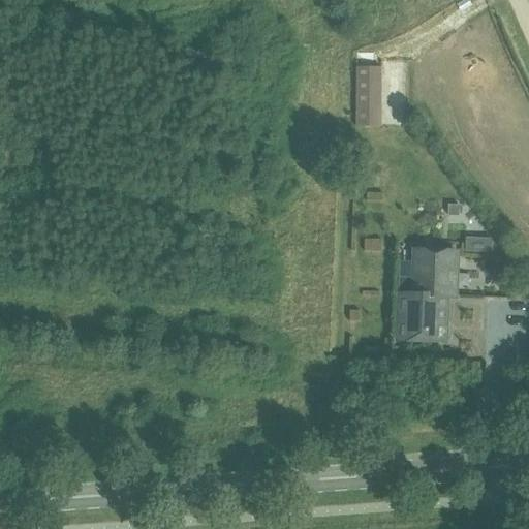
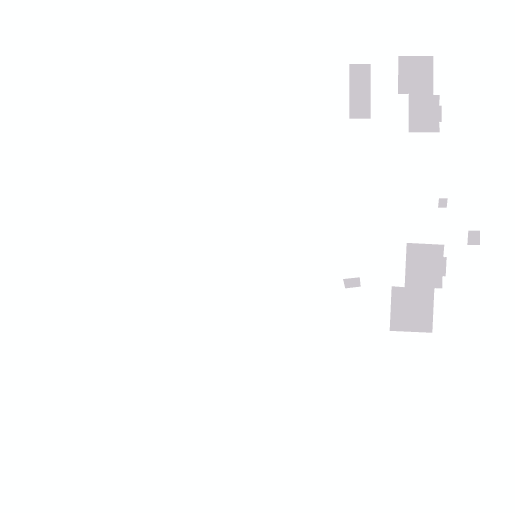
building: none -> [398,55,442,133]

